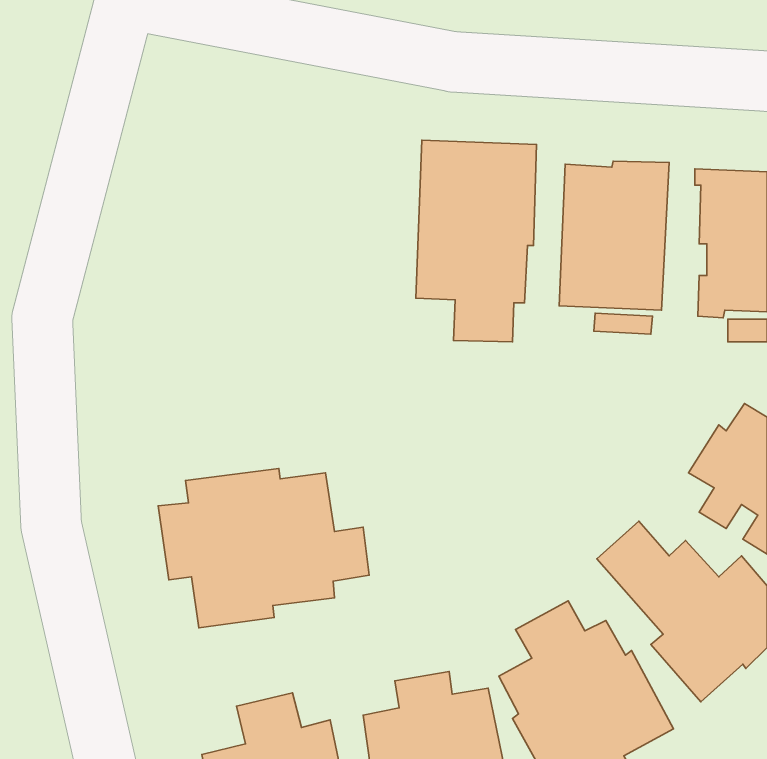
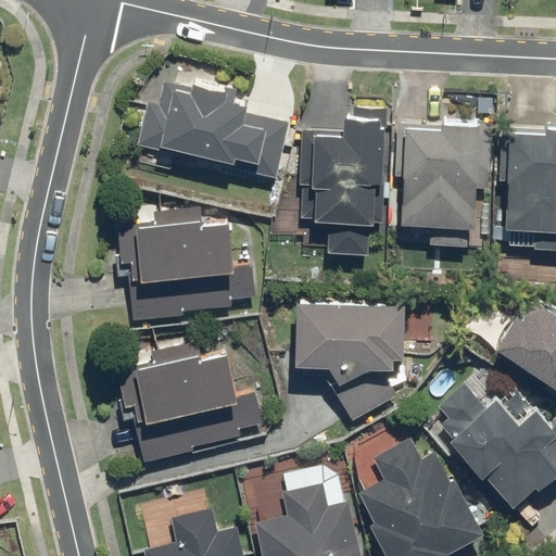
building: none -> [136,80,293,192]
building: none -> [111,212,264,323]
building: none -> [299,302,406,424]

